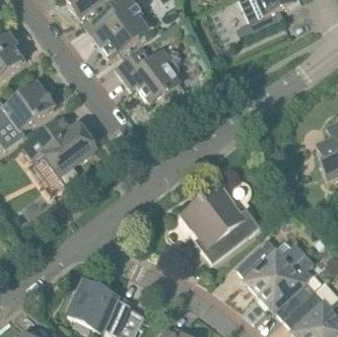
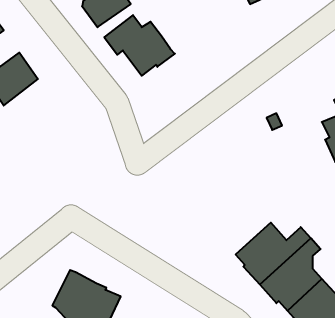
building: [24,116,95,185] -> none
building: [181,188,260,262] -> none

